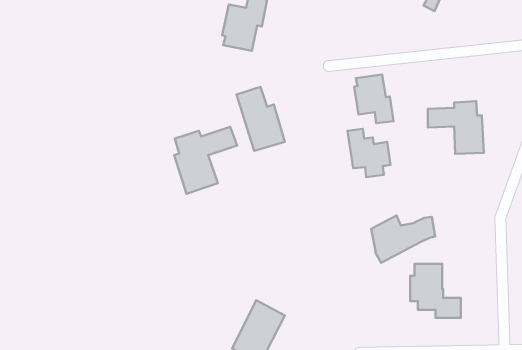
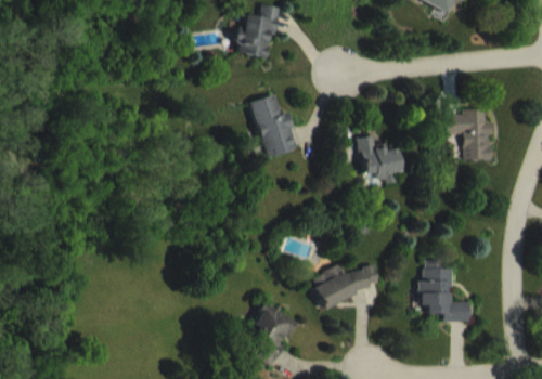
building: [354,75,393,123] -> none
building: [174,127,237,194] -> none
building: [371,216,435,263] -> [317,262,379,309]

